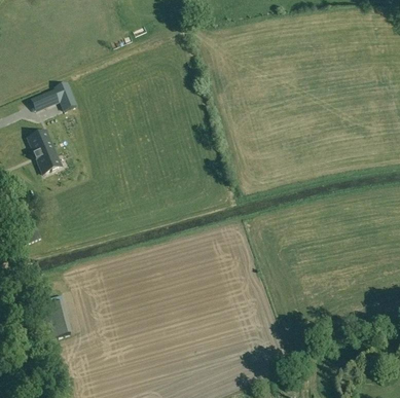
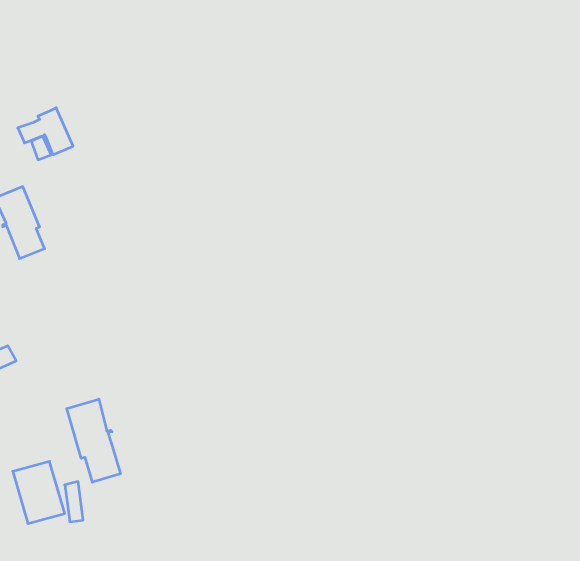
building: none -> [67,399,120,482]

